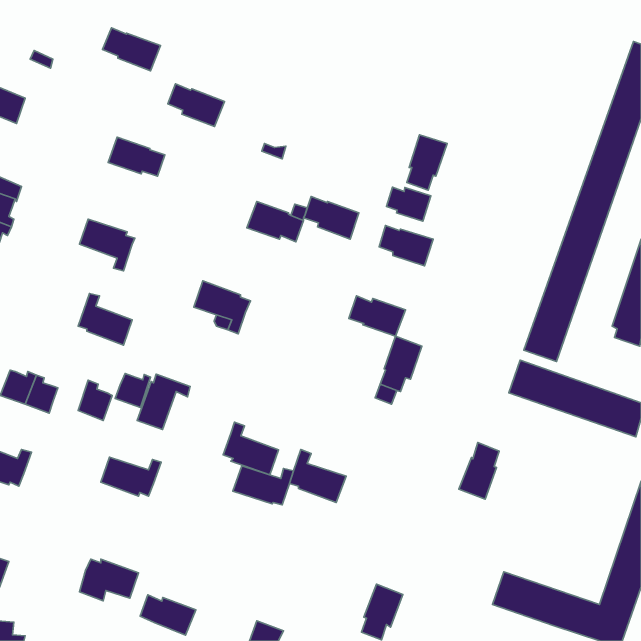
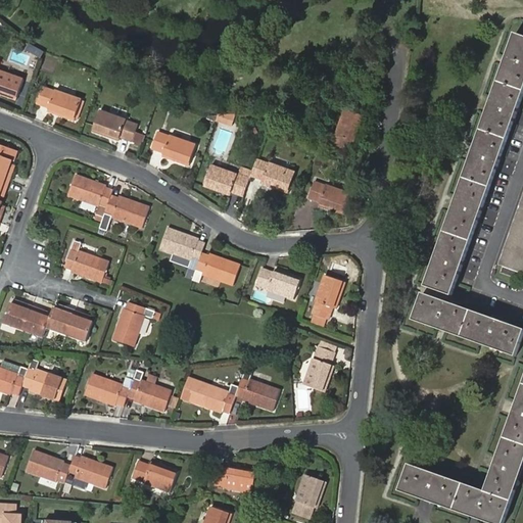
building: [103,28,161,71] -> [32,87,79,122]
building: [168,84,225,127] -> [147,131,193,165]
building: [386,187,431,221] -> none
building: none -> [98,198,147,231]
building: [349,296,406,336] -> [252,266,298,298]
building: none -> [190,253,239,287]
building: [115,373,151,407] -> [43,305,72,333]
building: [223,422,279,475] -> [125,366,170,409]
building: none -> [19,356,65,399]
building: [459,442,499,499] -> [301,345,334,391]
building: none -> [26,448,69,480]
building: none -> [207,466,252,497]
building: [140,595,196,635] -> [132,458,177,490]

